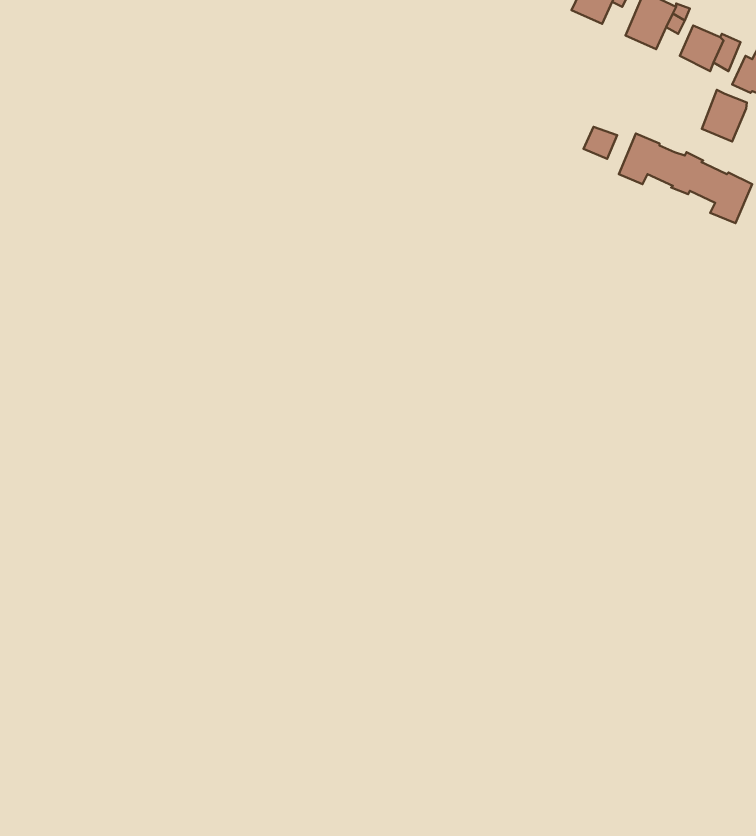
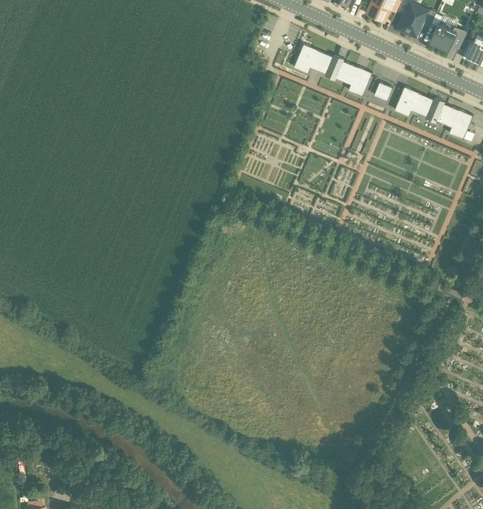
building: none -> [292,44,371,96]
building: [702,90,747,142] -> none

